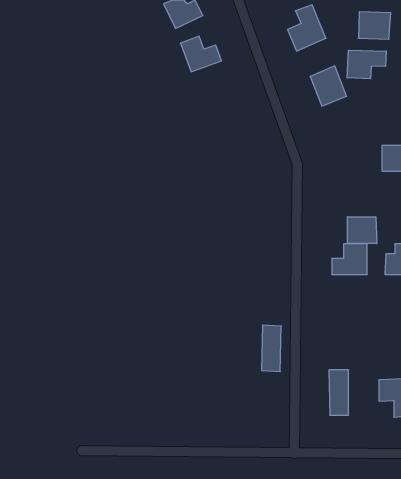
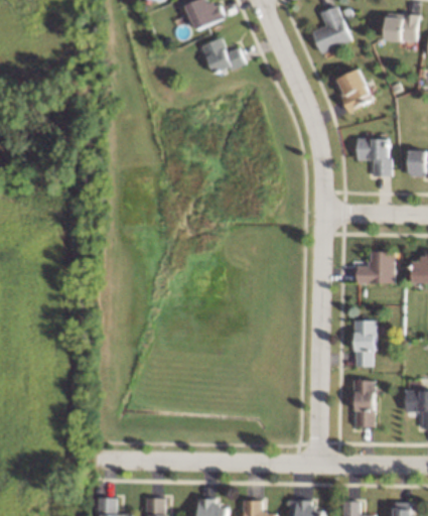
building: [347,50,386,79] -> none
building: none -> [355,138,389,176]
building: [347,217,377,244] -> none
building: [262,325,281,371] -> [353,319,374,367]

